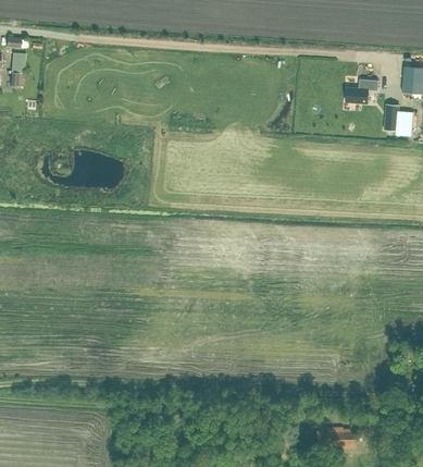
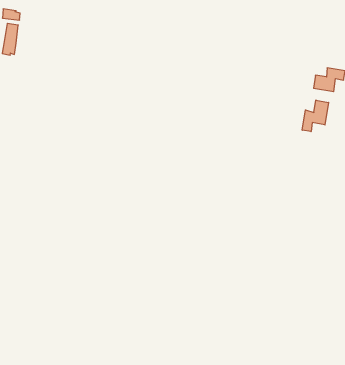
building: none -> [302,100,329,132]

